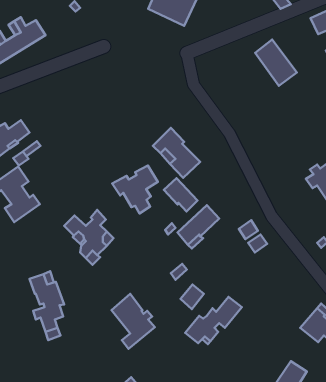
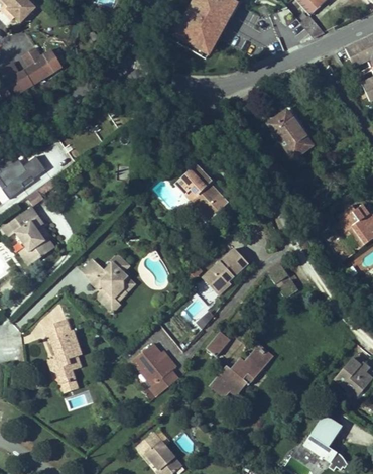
building: [255,40,297,86] -> [268,108,313,157]
building: [112,166,158,213] -> none
building: [164,178,197,211] -> none

